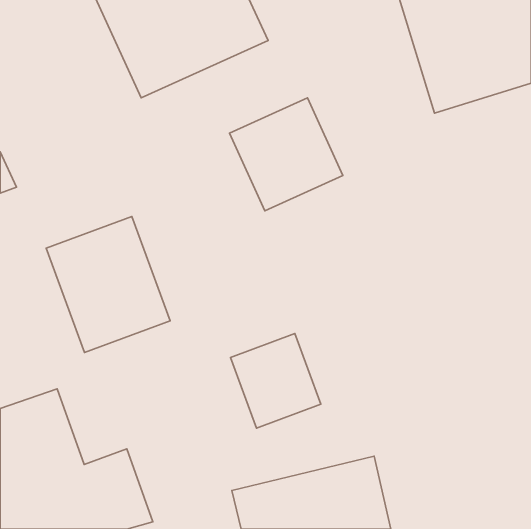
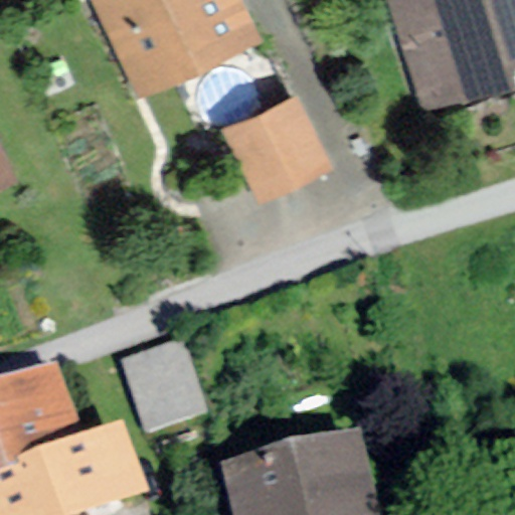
building: [46,217,170,352] -> none
building: [230,334,321,428] -> [120,346,207,438]

